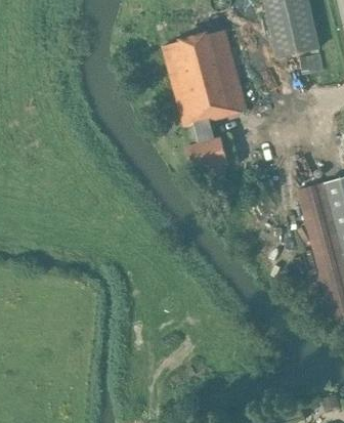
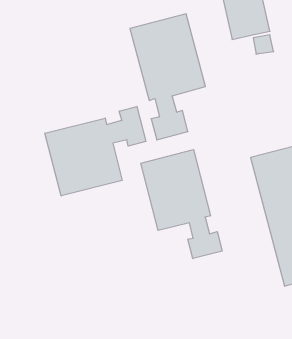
building: none -> [45,106,146,196]
building: none -> [141,150,222,259]

